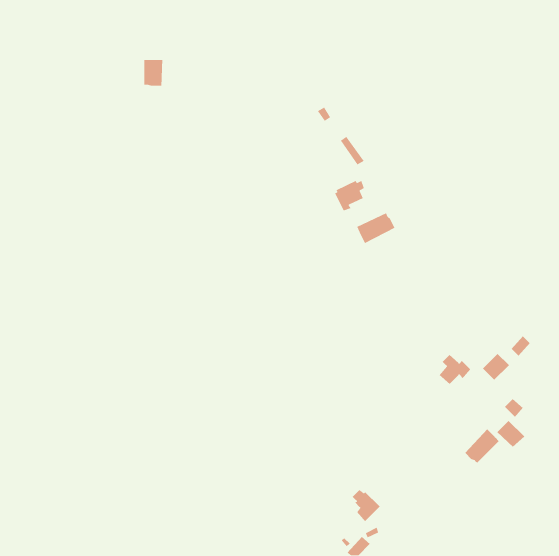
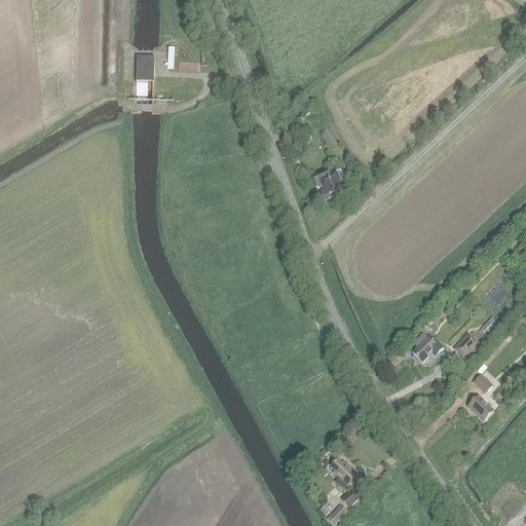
building: [356,212,395,244] -> none
building: [464,429,500,464] -> none

